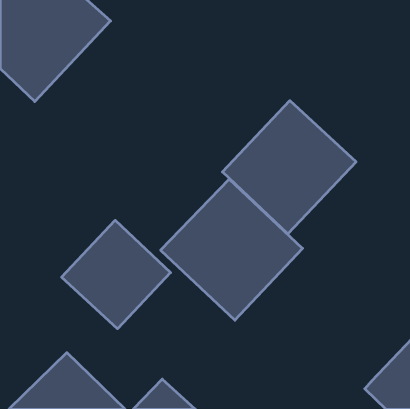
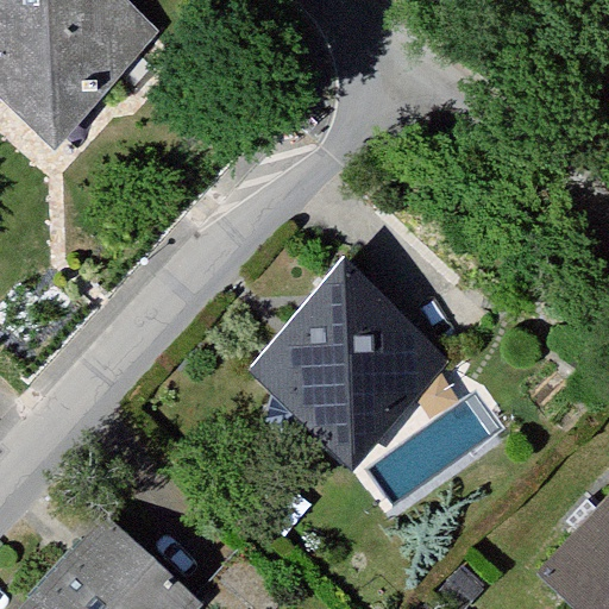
building: [222,101,356,234] -> none
building: [62,220,171,329] -> none

